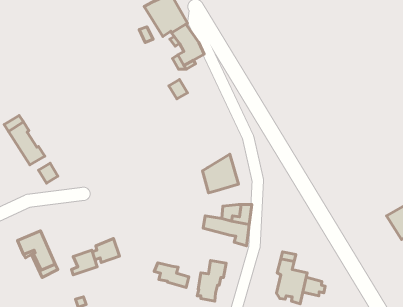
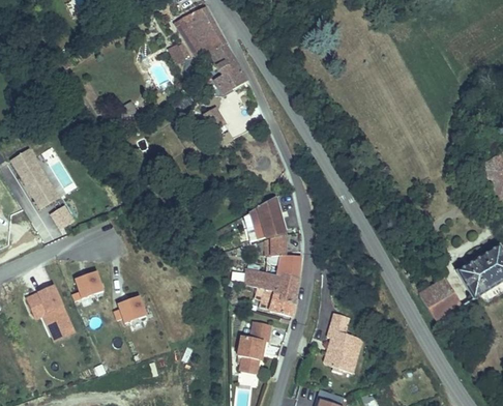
building: none -> [262,234,286,258]
building: none -> [421,277,464,320]
building: [72,250,97,275] -> [72,271,102,300]
building: [154,263,189,287] -> [255,287,295,316]
building: [303,277,325,296] -> none

